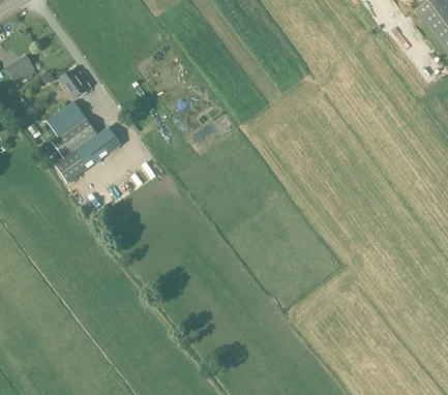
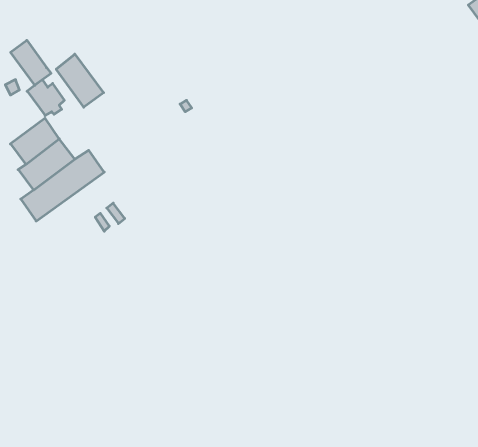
building: none -> [11,40,51,85]
building: none -> [56,54,104,107]

